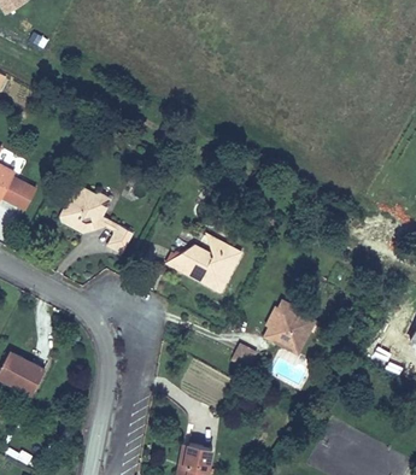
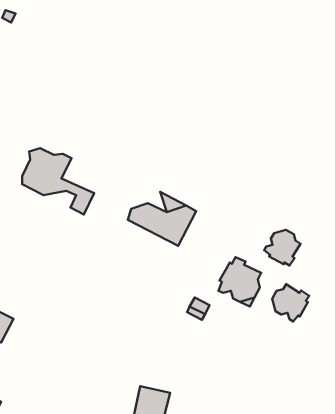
building: none -> [264,230,301,266]
building: none -> [272,284,309,321]

